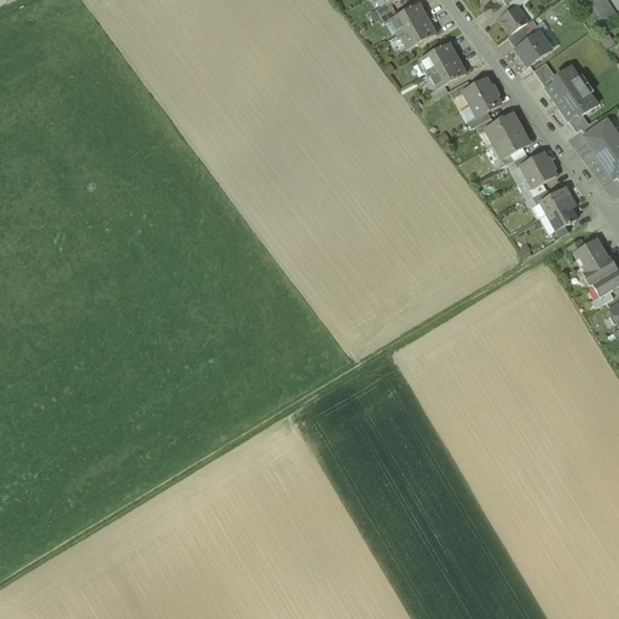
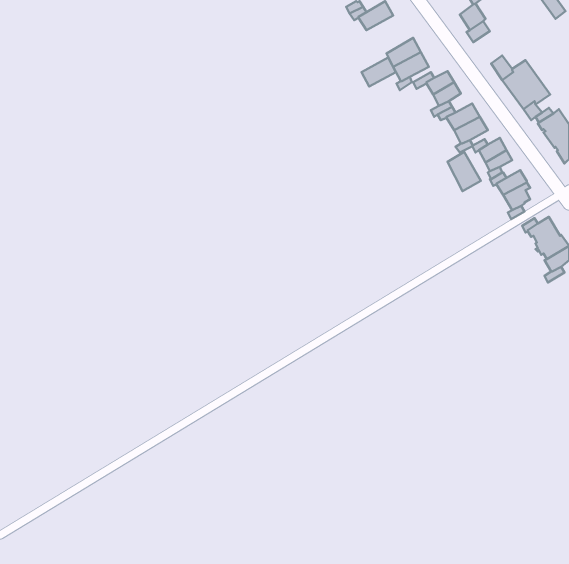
building: [398,17,435,48] -> [361,58,396,87]
building: [514,30,550,64] -> none
building: none -> [448,152,481,191]

